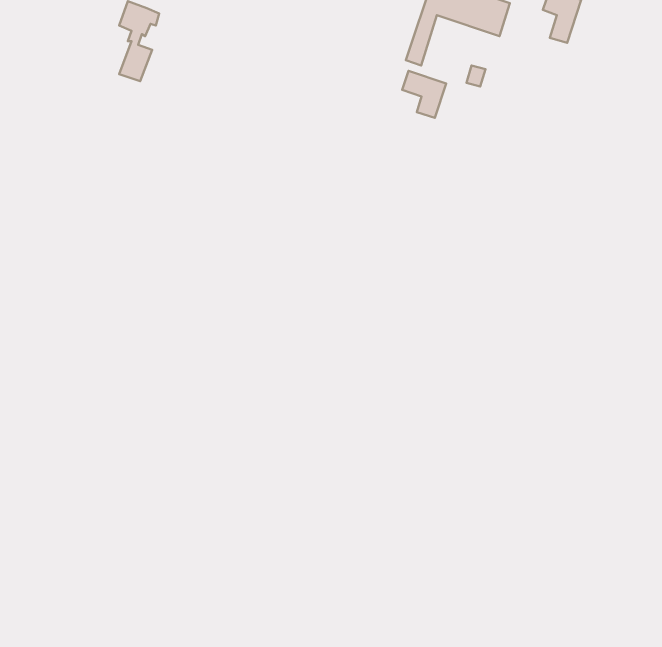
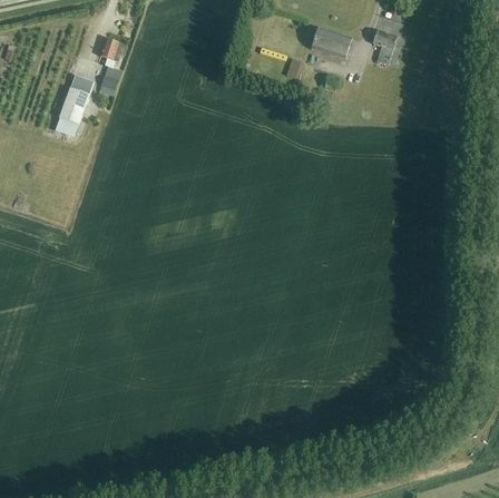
building: none -> [59,77,94,126]
building: [402,71,446,118] -> none

